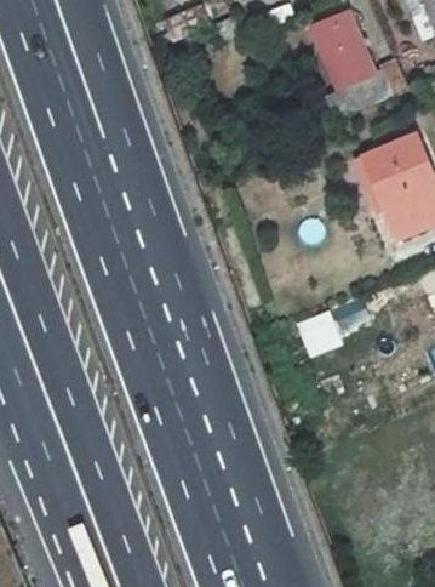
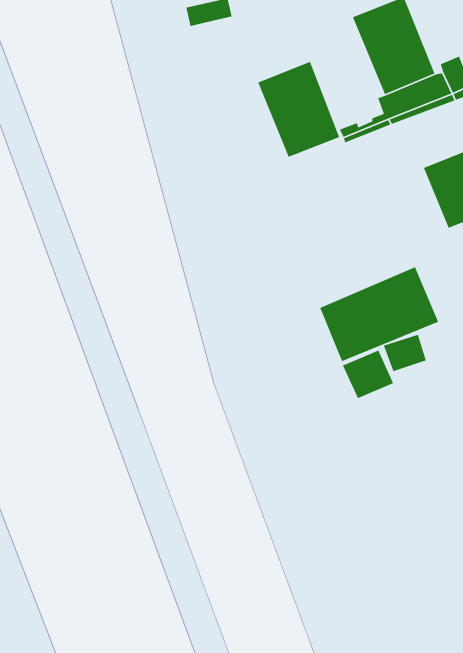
building: none -> [257,61,340,158]
building: none -> [319,266,439,362]

